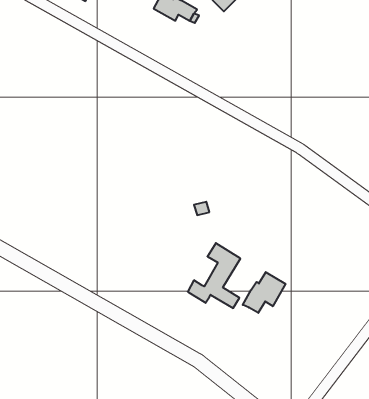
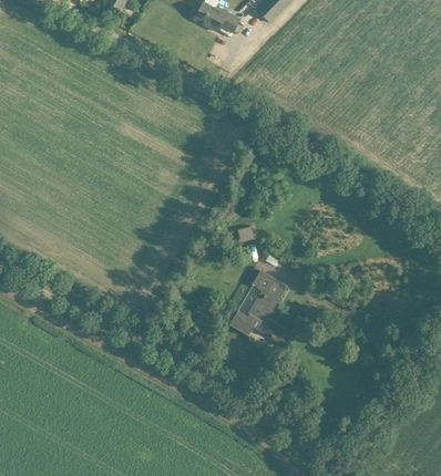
building: [243,272,285,313] -> none

